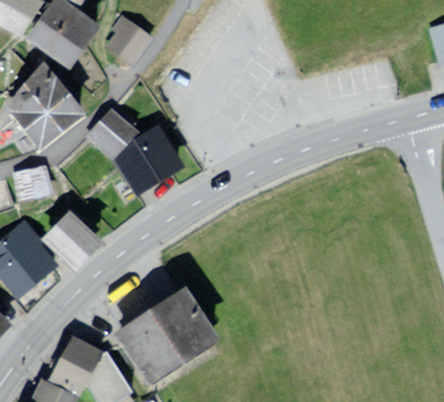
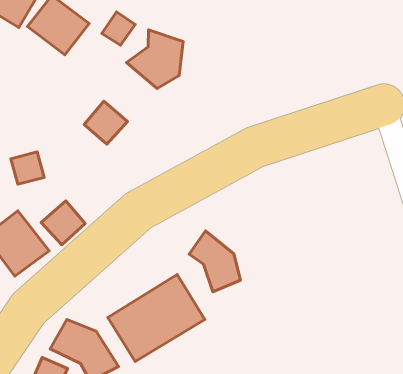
building: none -> [126,30,183,88]
building: [9,70,82,143] -> none
building: [125,130,184,187] -> none
building: none -> [189,231,240,292]

